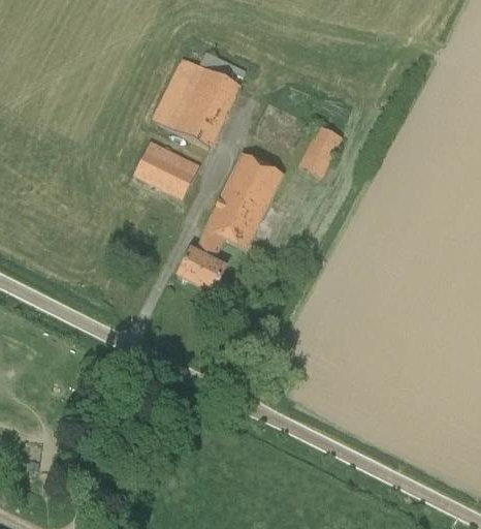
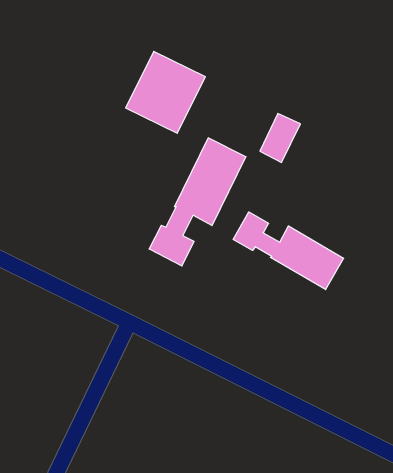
building: [134,139,201,198] -> none
building: none -> [233,212,344,290]

